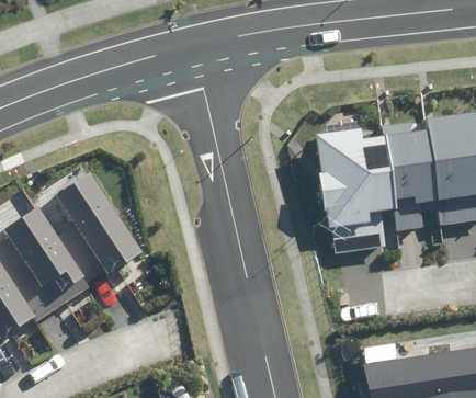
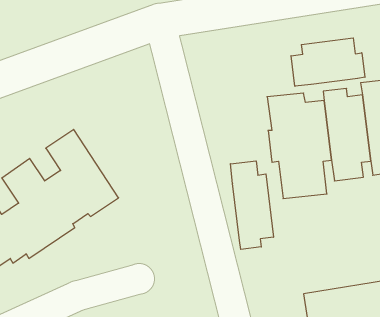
building: none -> [291,38,365,86]
building: none -> [230,161,273,249]

